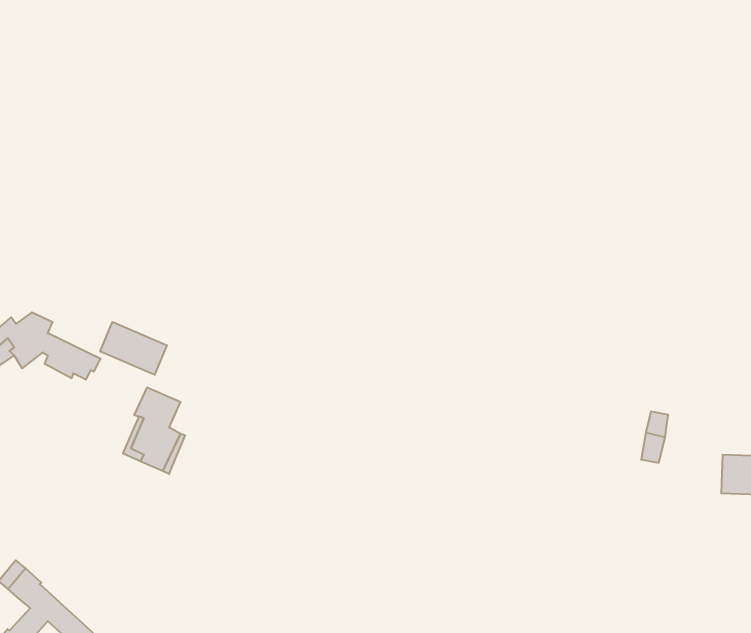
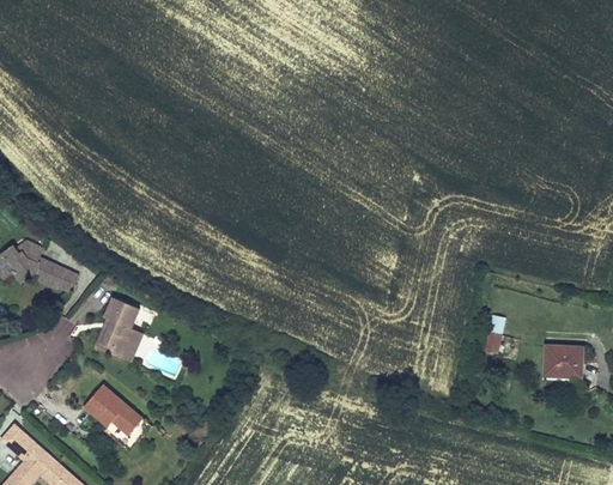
building: [100,322,167,375] -> none
building: none -> [84,384,142,435]

